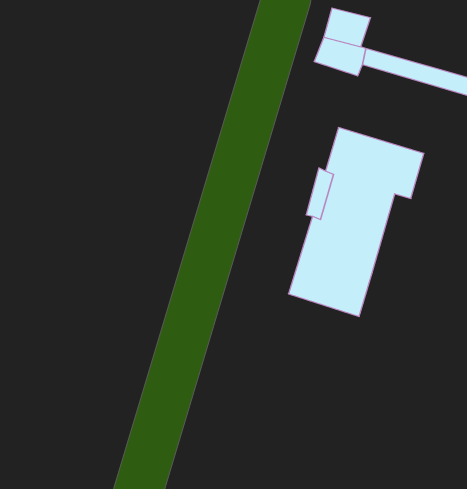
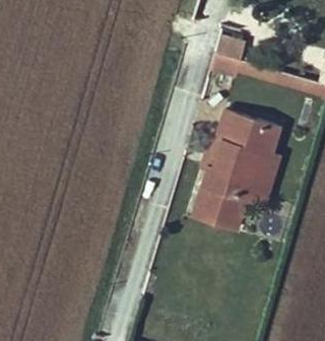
building: none -> [247,152,282,207]

